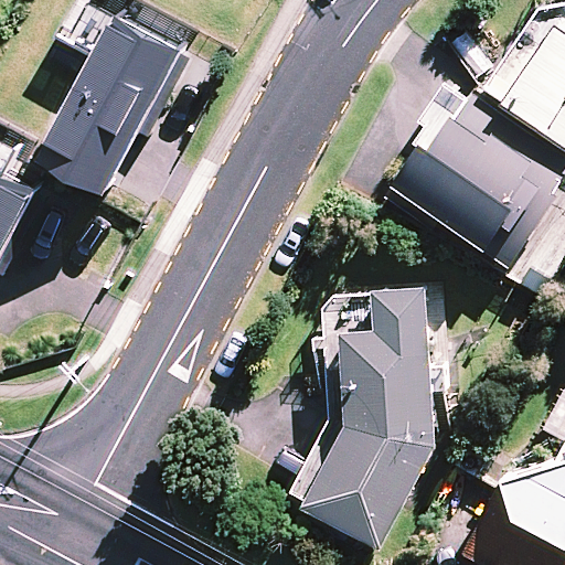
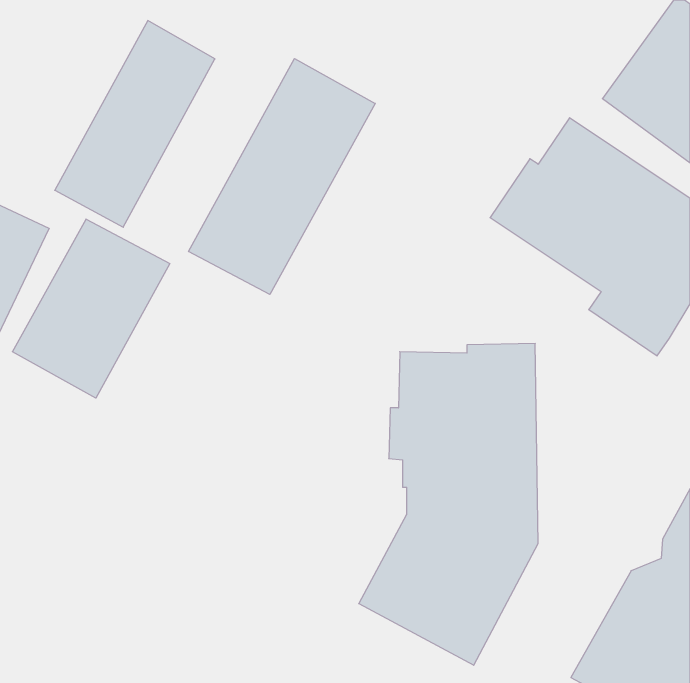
building: none -> [189,59,375,294]
building: none -> [12,219,170,398]

